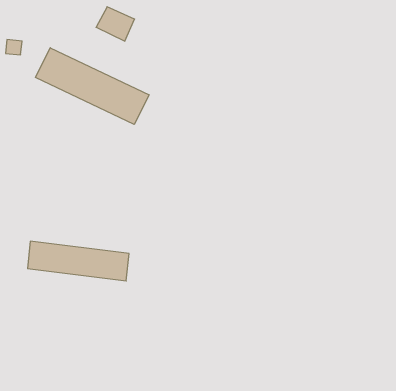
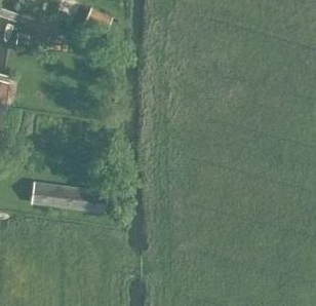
building: [35,48,149,124] -> none

